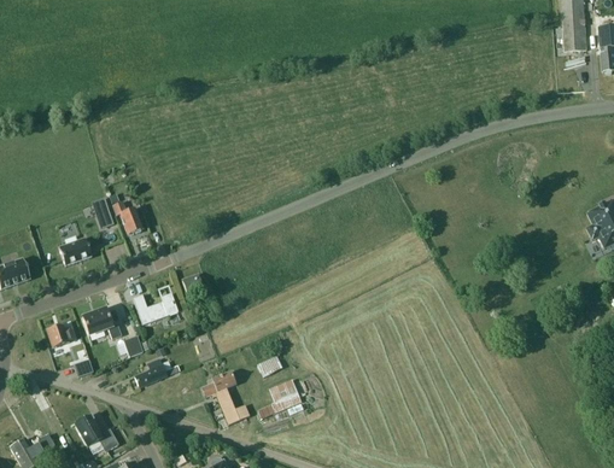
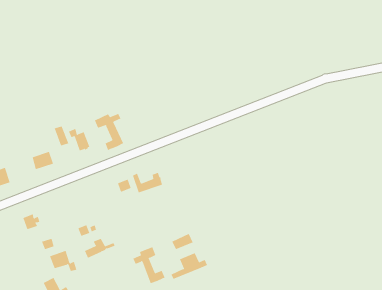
building: none -> [94,113,124,151]
building: [133,293,176,323] -> [132,172,163,193]
building: [81,308,121,338] -> [49,250,77,271]

